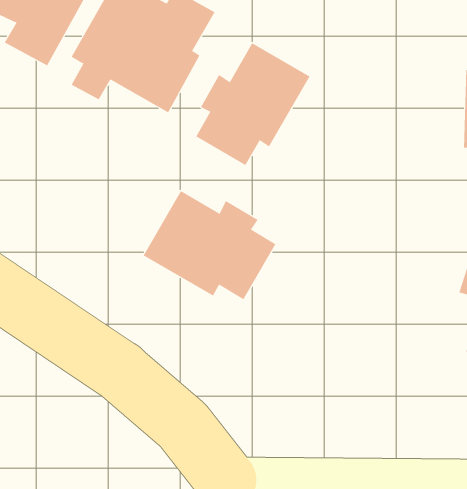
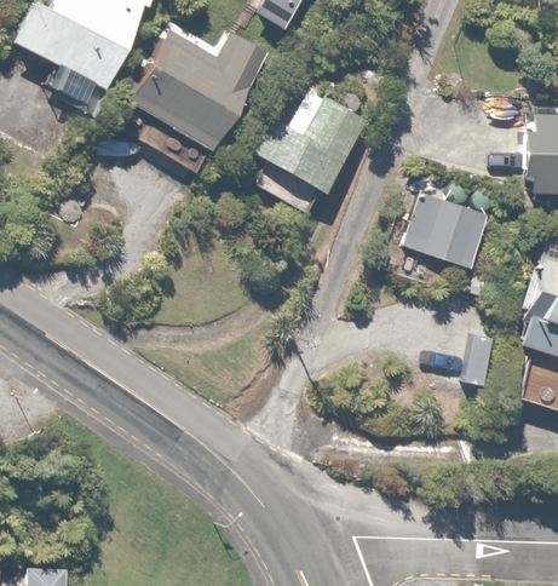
building: none -> [398,188,488,268]
building: [143,190,276,300] -> none

